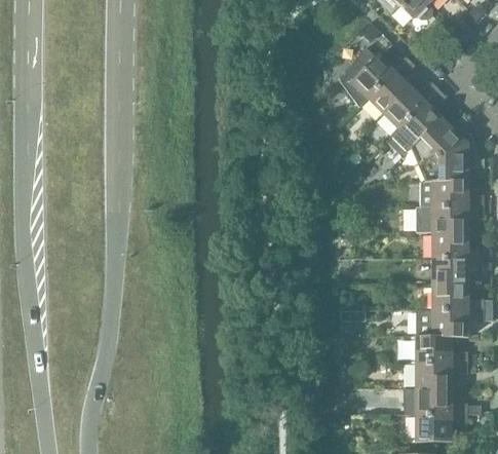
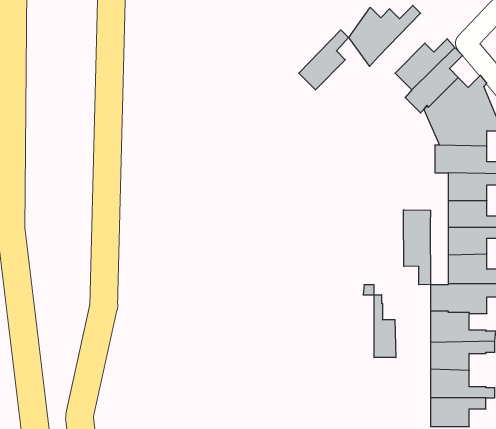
building: [367,59,413,114] -> [299,30,349,90]
building: none -> [404,210,431,285]
building: none -> [374,295,396,358]

